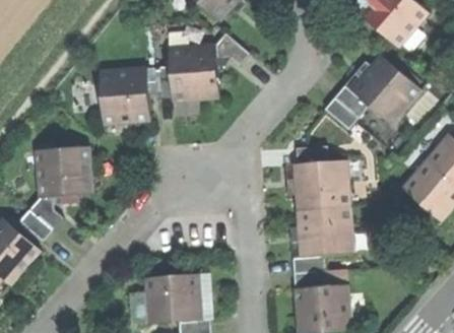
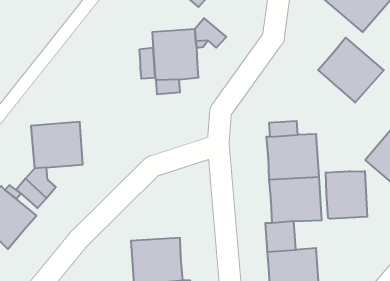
building: [100,67,150,124] -> none
building: [324,85,369,129] -> none
building: none -> [326,171,367,219]

